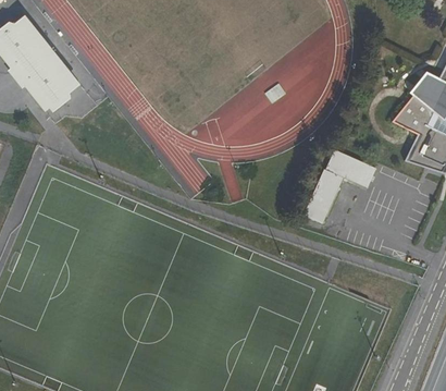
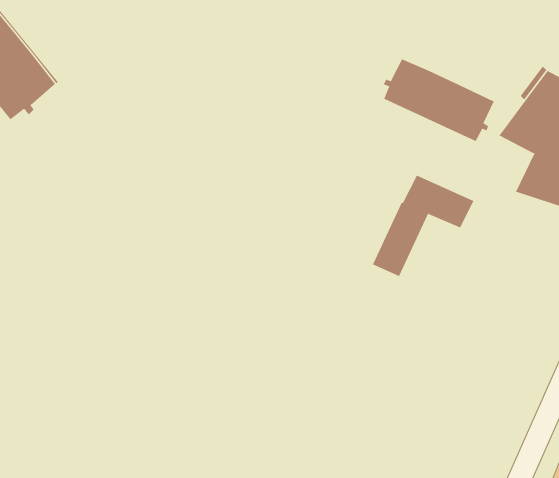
building: none -> [383,58,494,142]

